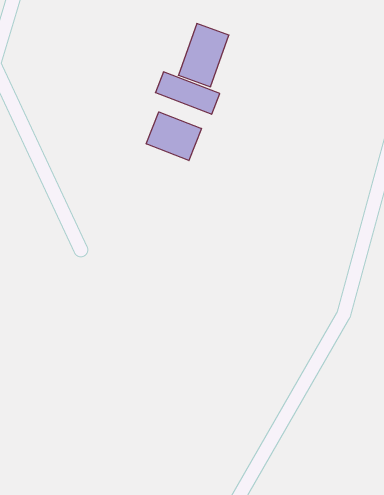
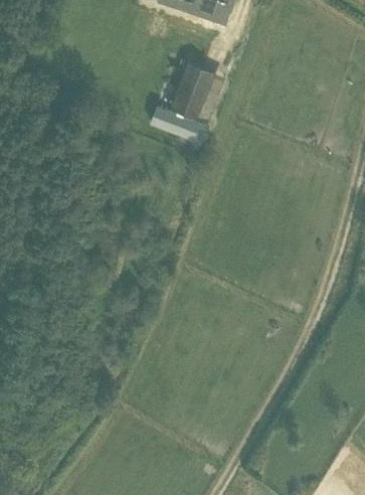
building: [146,112,201,161] -> none

